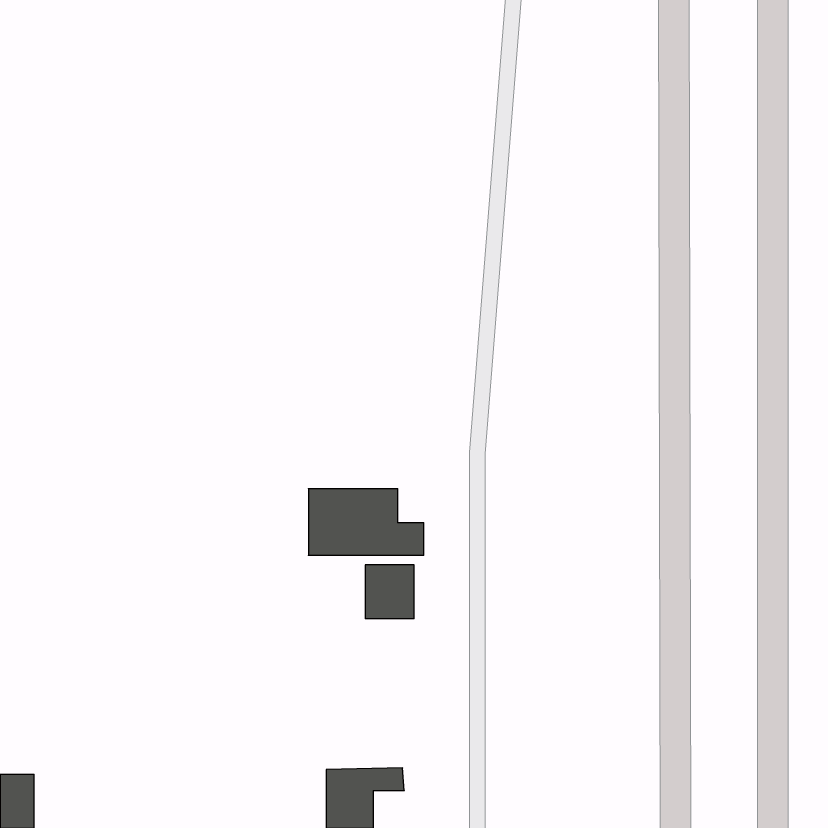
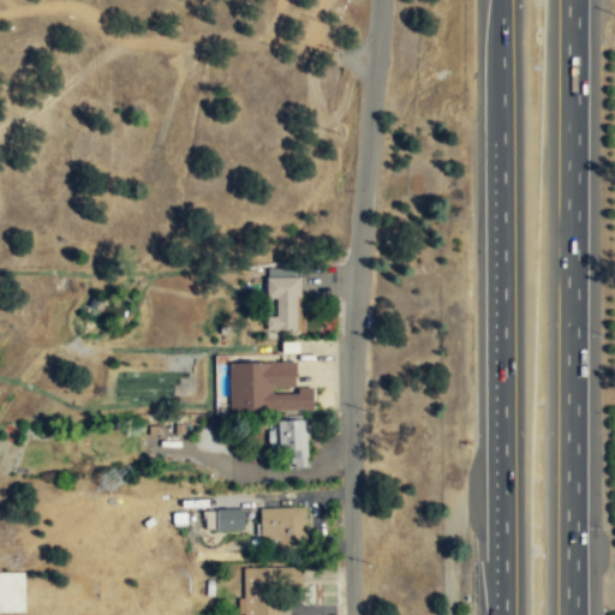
building: none -> [268,276,301,329]
building: none -> [261,509,306,548]
building: none -> [208,510,245,531]

